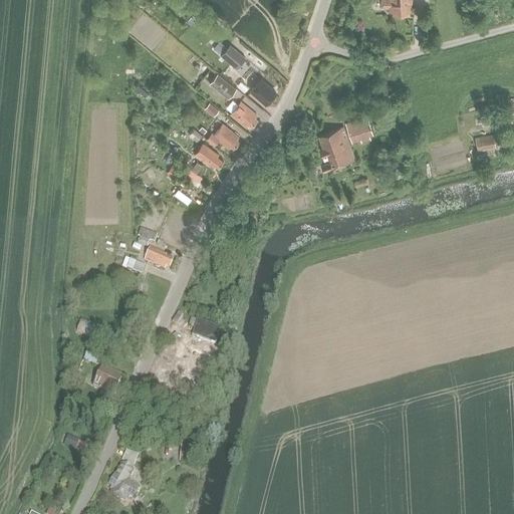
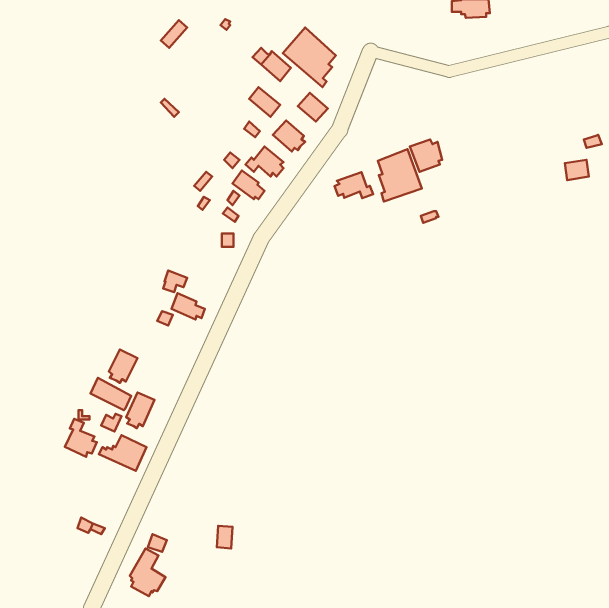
building: none -> [283,28,336,87]
building: none -> [334,172,373,198]
building: none -> [109,350,138,383]
building: none -> [126,393,155,428]
building: none -> [65,419,97,457]

